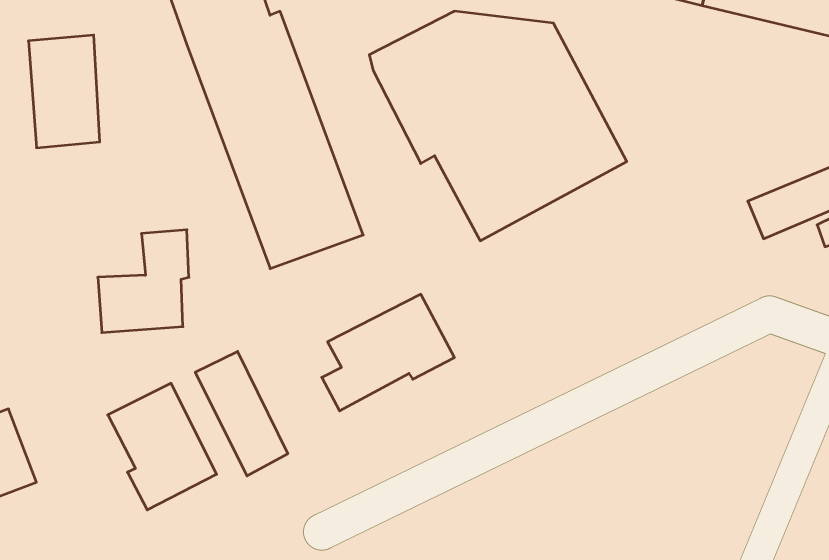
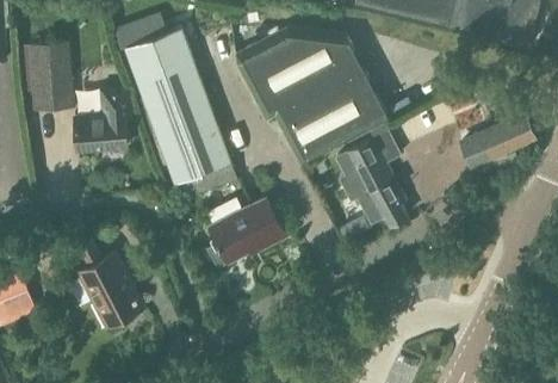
building: none -> [336,138,407,227]
building: [98,230,189,333] -> [75,89,130,152]
building: [195,351,288,476] -> none

